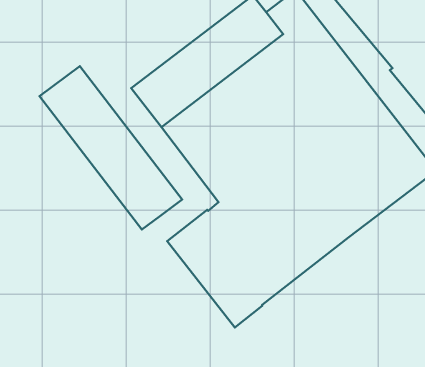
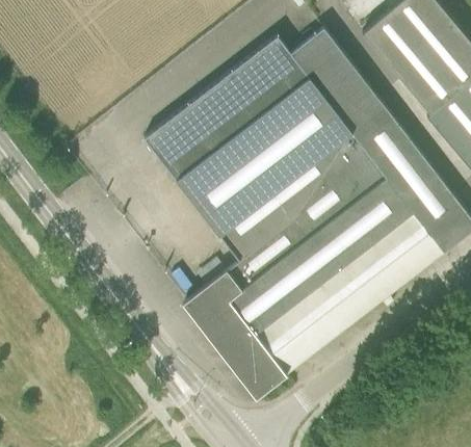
building: [40,66,182,230] -> none

